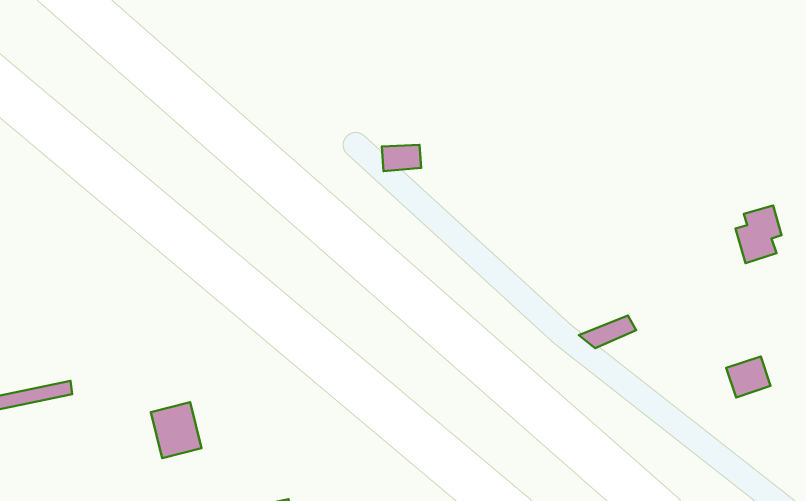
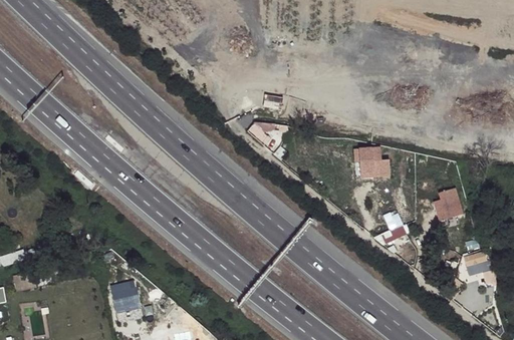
building: none -> [357,146,389,179]
building: [736,206,781,263] -> [432,187,460,222]

